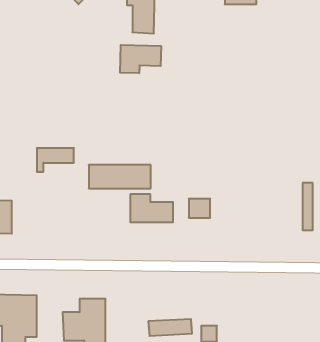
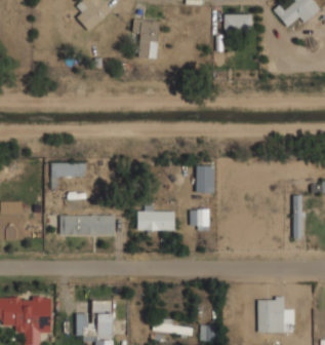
building: [120,45,161,73] -> none
building: none -> [197,165,214,193]
building: [89,165,151,188] -> [59,214,116,235]
building: none -> [257,297,292,333]

